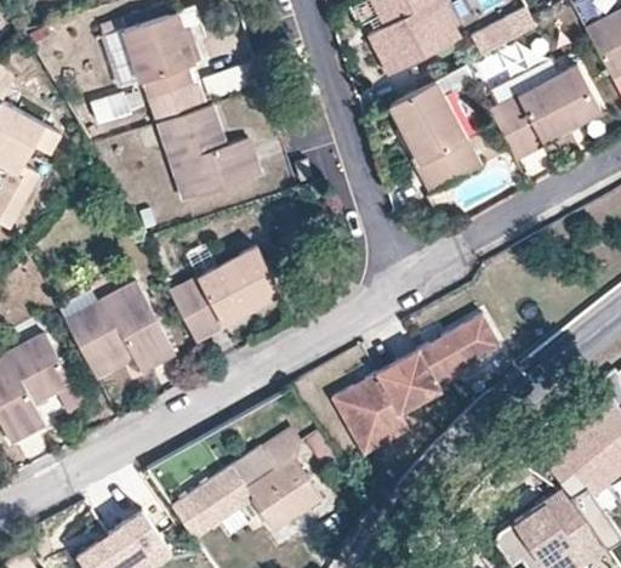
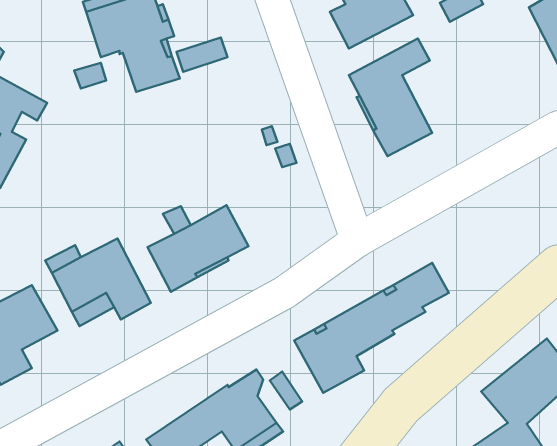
building: [490,66,602,160] -> none
building: [159,106,261,201] -> none

